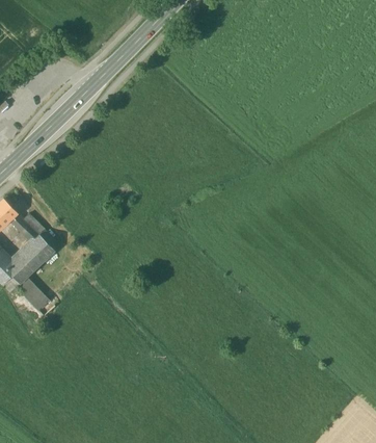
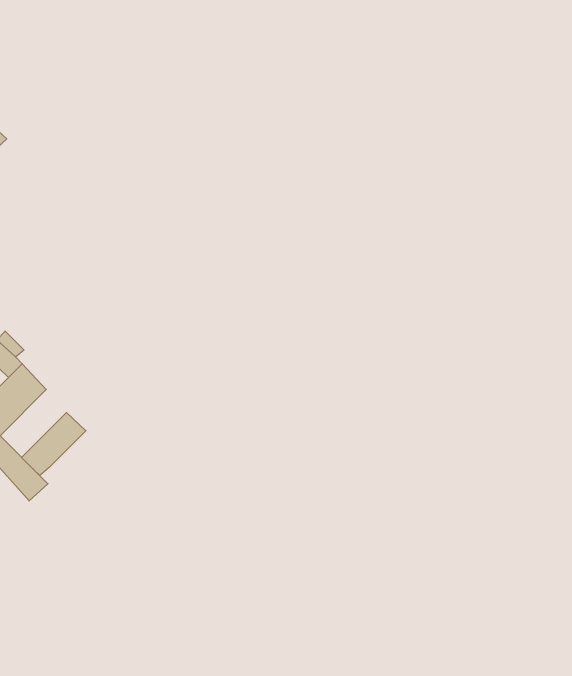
building: none -> [22,413,86,476]

